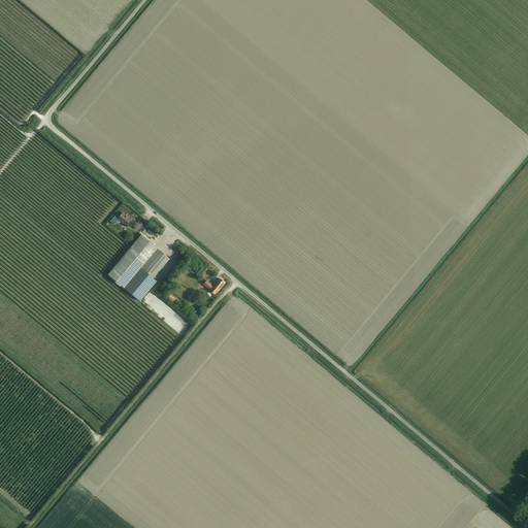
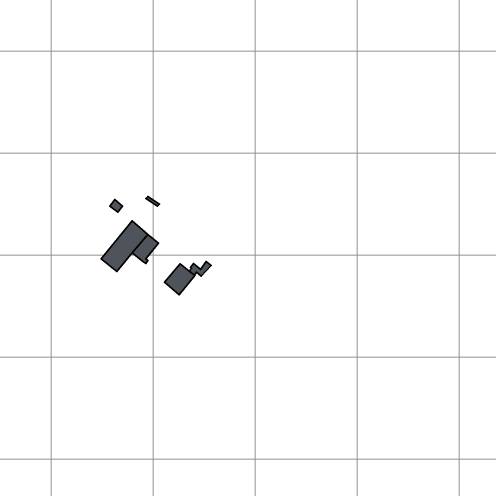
building: [124,268,156,301] -> [165,264,195,295]

